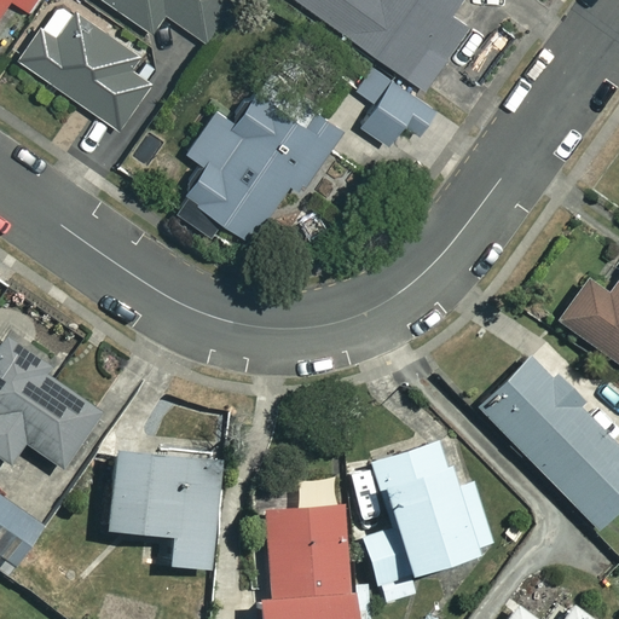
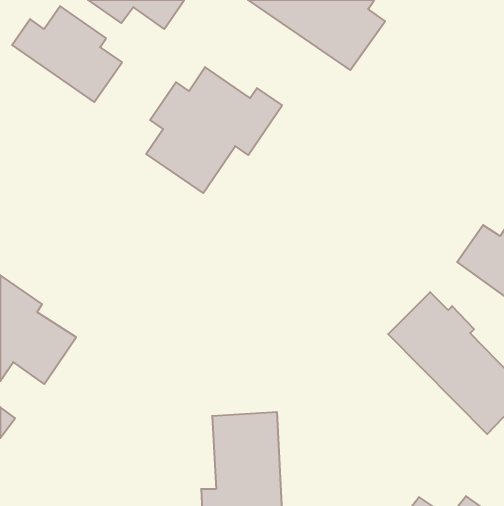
building: [360,65,439,146] -> none
building: [359,441,492,607] -> none
building: [100,447,221,569] -> none

